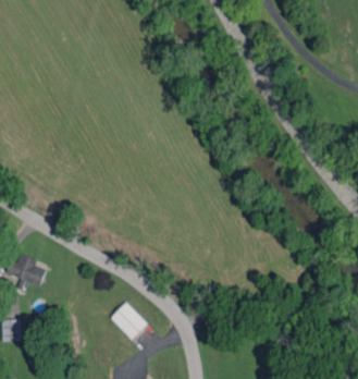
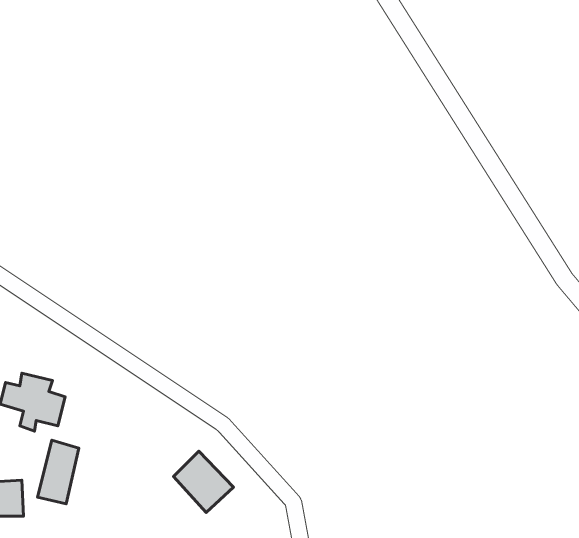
building: none -> [38,440,79,504]

